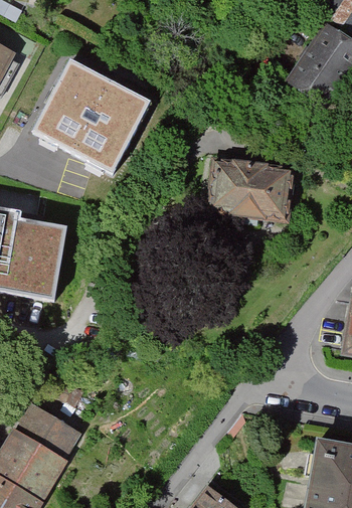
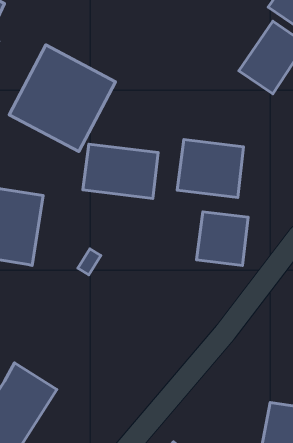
building: none -> [83,144,158,198]
building: none -> [197,212,248,265]

